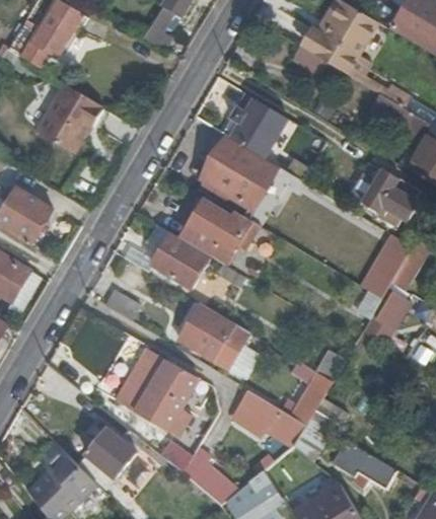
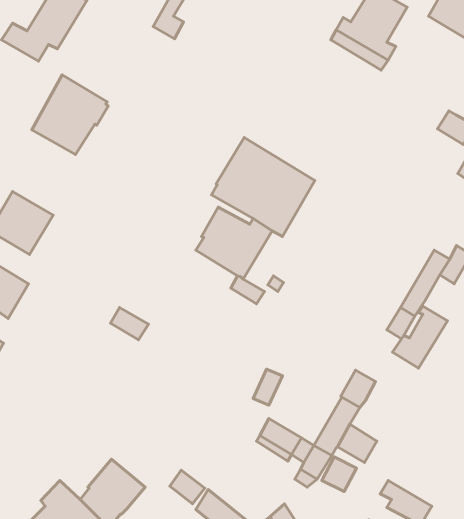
building: [228,96,288,156] -> none
building: [361,168,415,220] -> none
building: [149,233,208,288] -> none
building: [176,305,249,370] -> none
building: [117,349,197,435] -> none

